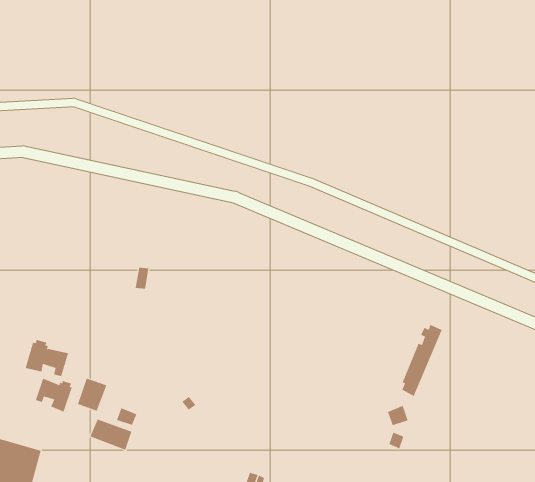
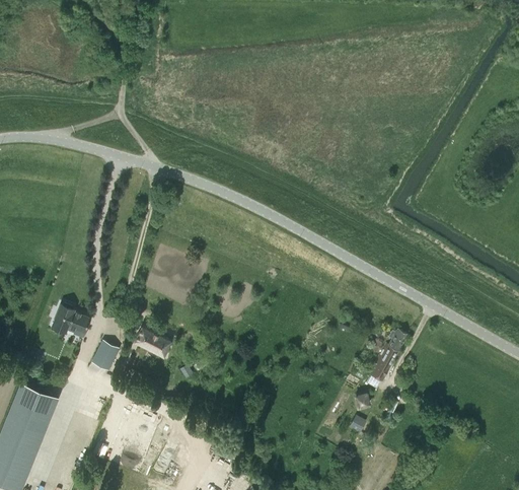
building: [35,378,72,412] -> none
building: [89,419,132,450] -> [135,328,171,357]

